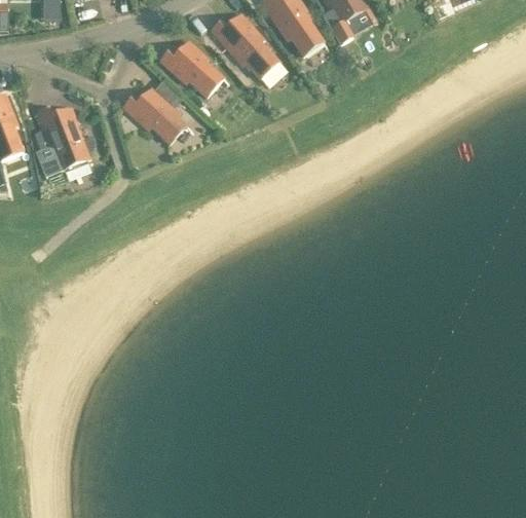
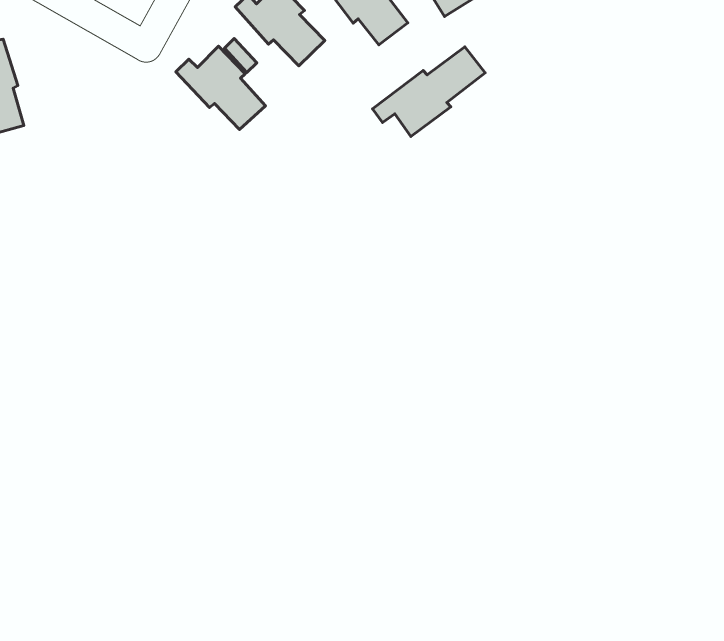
building: none -> [372,47,485,137]
building: [34,107,90,175] -> none

